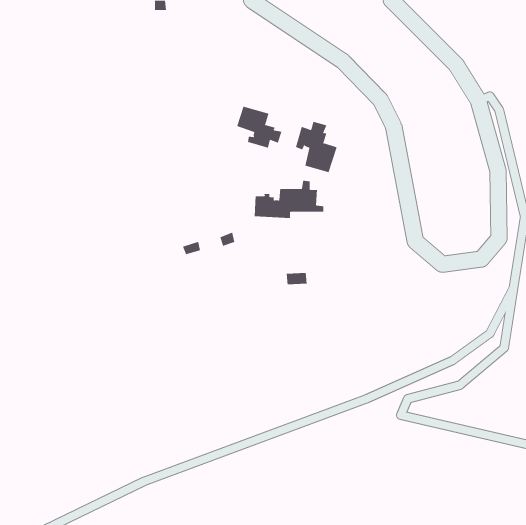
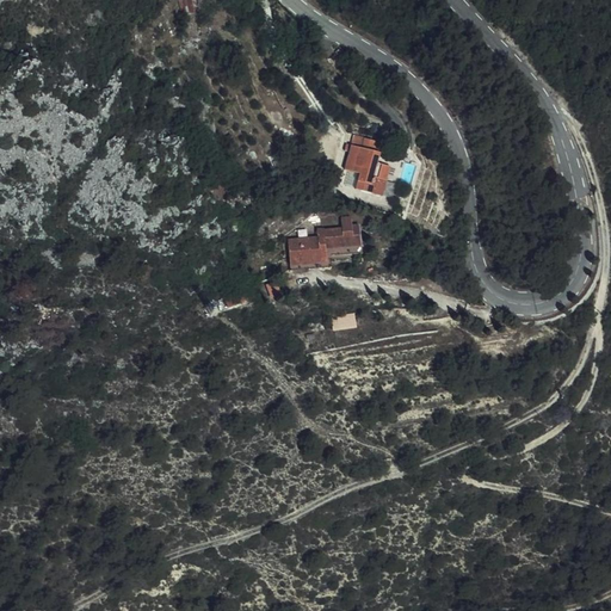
building: [237,106,282,149] -> none

